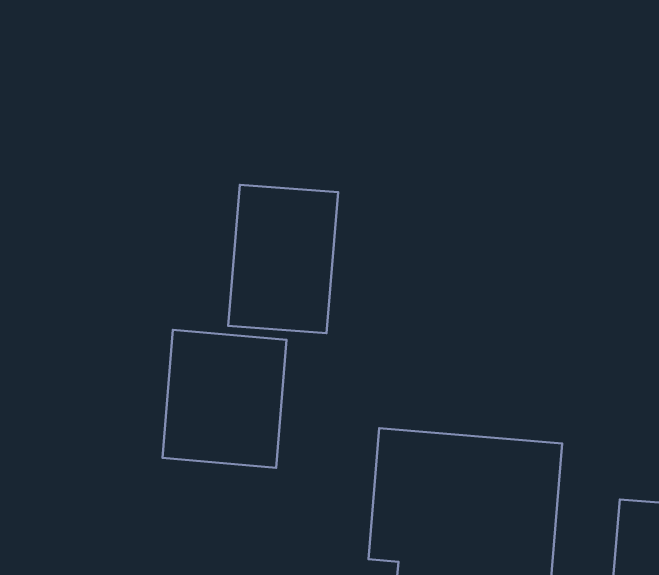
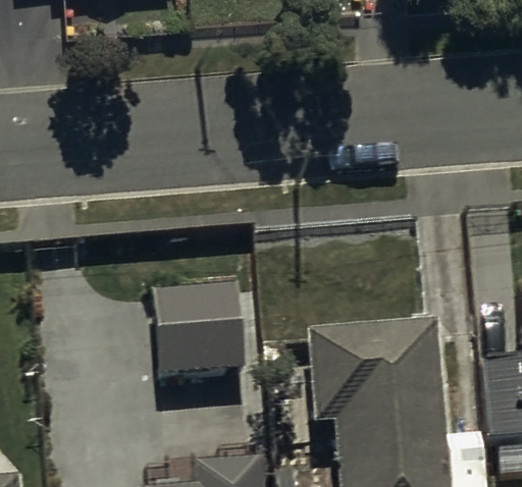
building: [228,185,338,333] -> none

